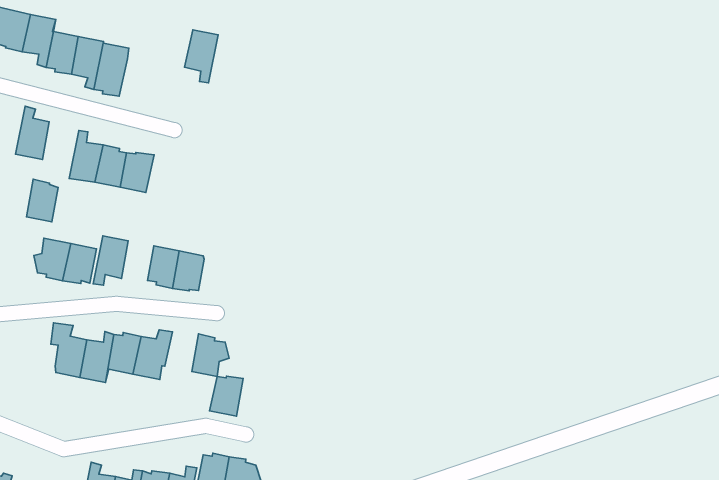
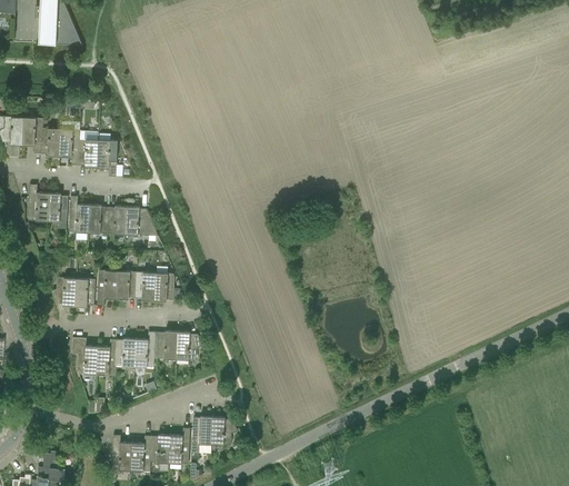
building: [185,30,218,83] -> [96,140,117,177]
building: none -> [124,207,157,237]
building: [26,179,58,222] -> [47,194,67,222]
building: none -> [116,271,136,300]
building: [209,376,243,416] -> [156,331,177,359]

